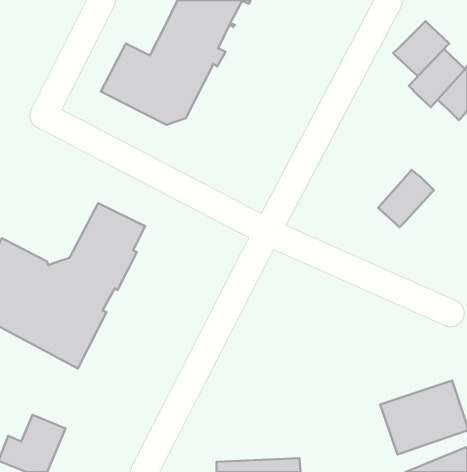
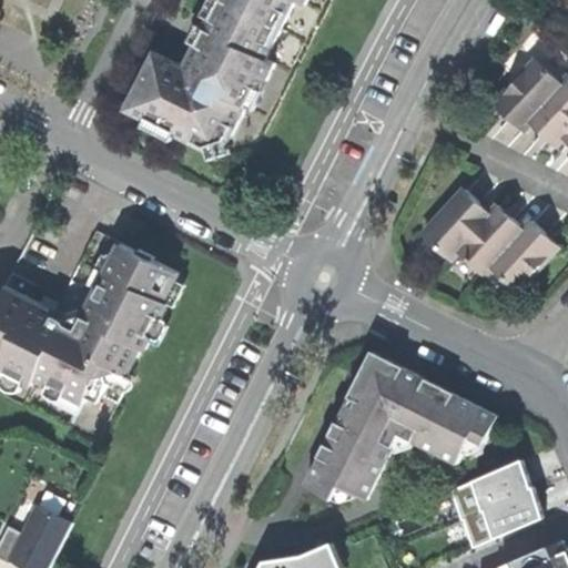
building: [393,21,449,76] -> none
building: none -> [419,189,487,257]
building: none -> [487,220,555,290]
building: none -> [303,348,495,498]

